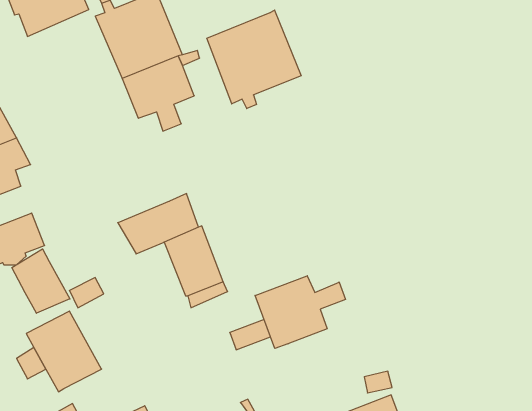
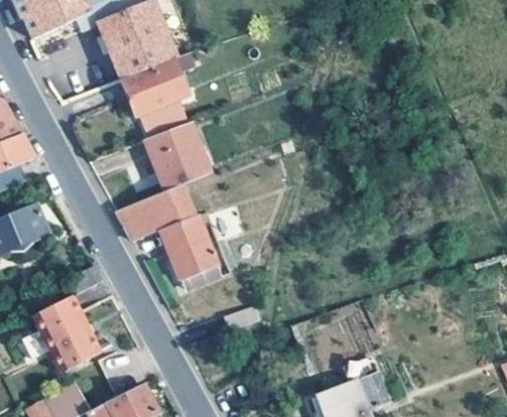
building: [207,10,301,109] -> none
building: none -> [144,122,209,192]
building: [12,249,70,313] -> none
building: [255,276,345,348] -> none

